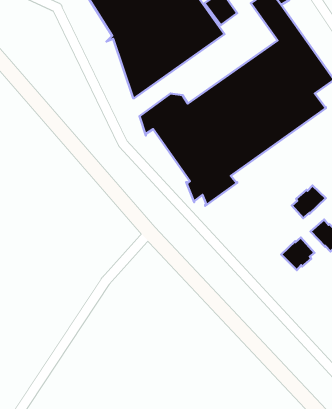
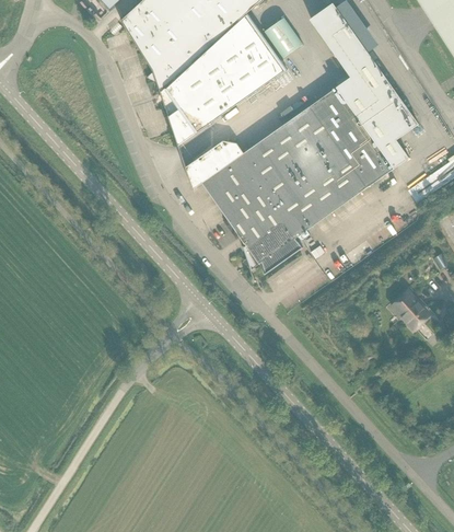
building: [292,185,326,218] -> none
building: [281,237,314,270] -> none

